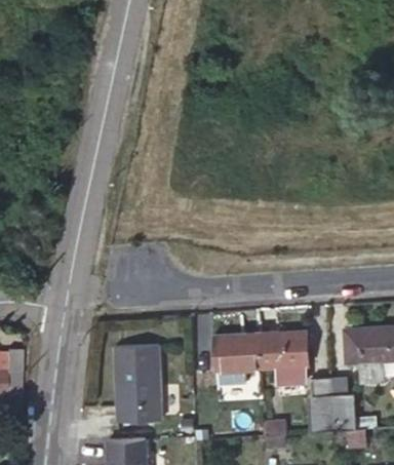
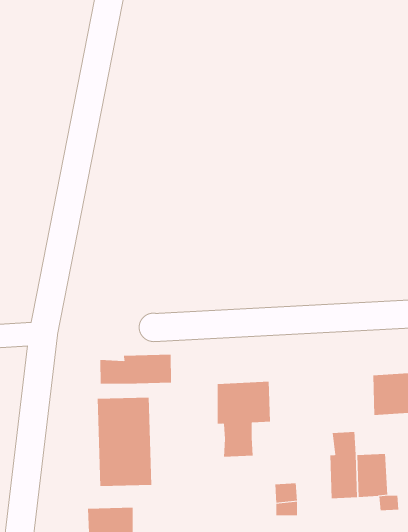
building: none -> [100,354,171,385]
building: [259,330,311,382] -> none

